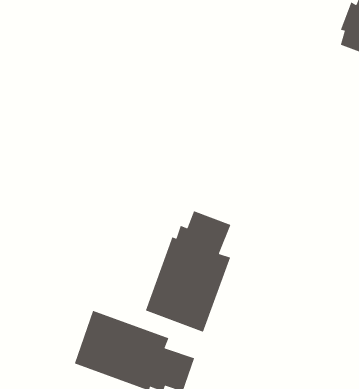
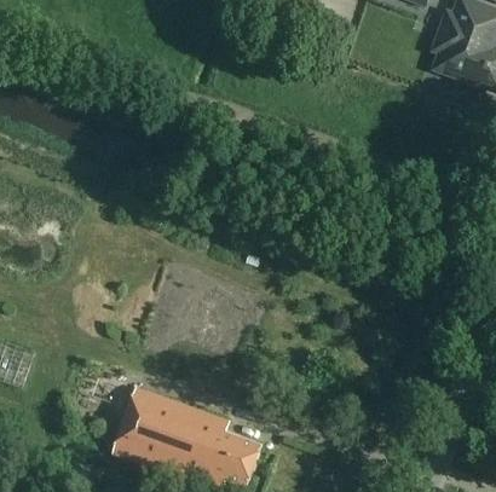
building: [145,210,231,333] -> none

